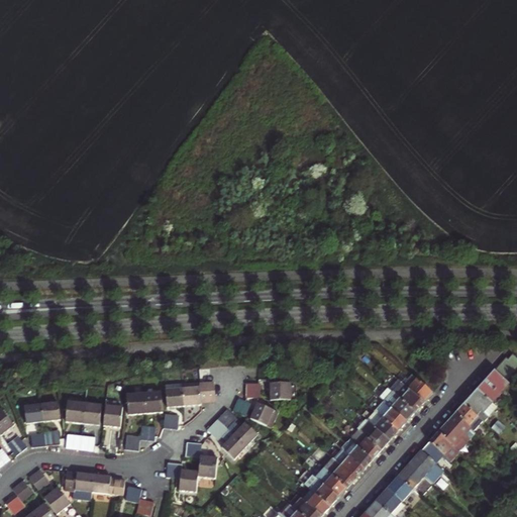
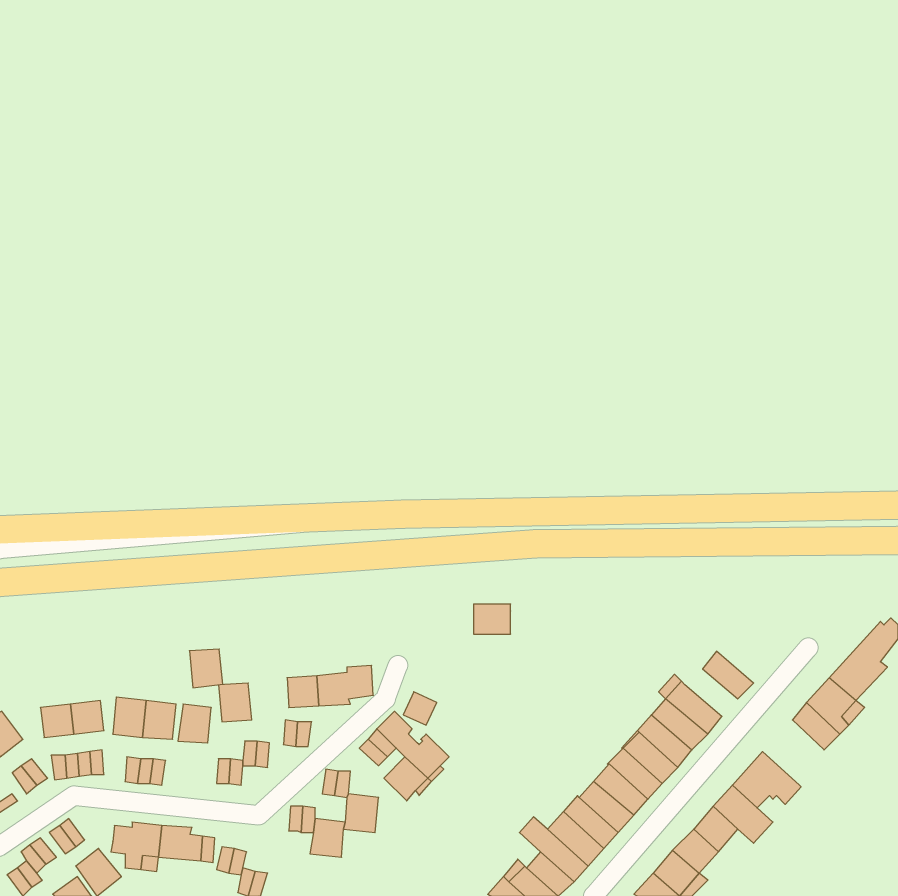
building: [393,382,423,411] -> none
building: [269,383,290,400] -> [474,604,511,634]
building: [142,391,162,413] -> [189,649,223,688]
building: [249,402,277,427] -> none
building: [437,413,475,450] -> none

